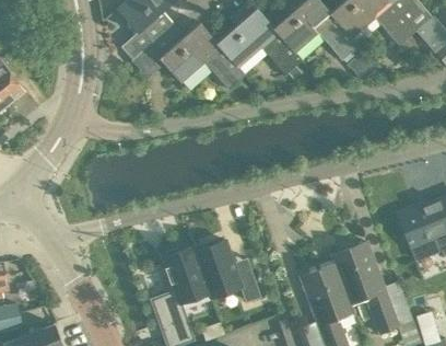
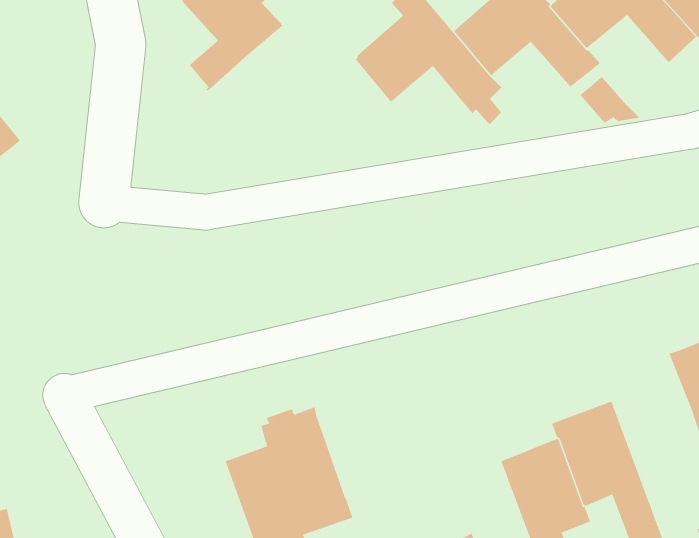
building: [131,21,245,89] -> none
building: [195,239,259,301] -> none

